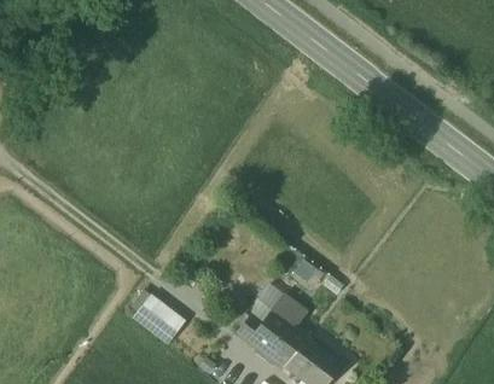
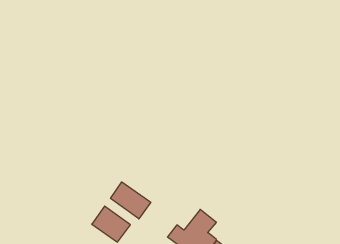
building: none -> [111,182,151,219]

